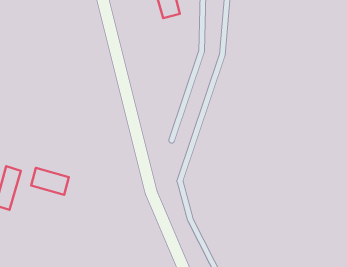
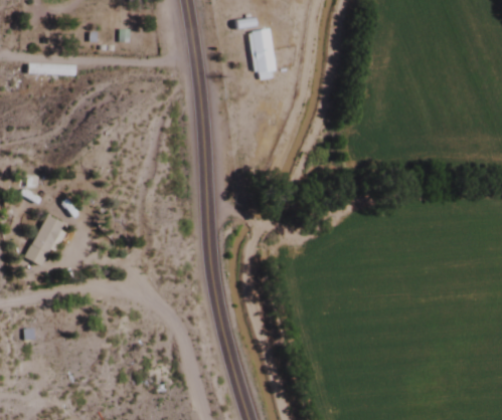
building: [31,168,69,195] -> none

